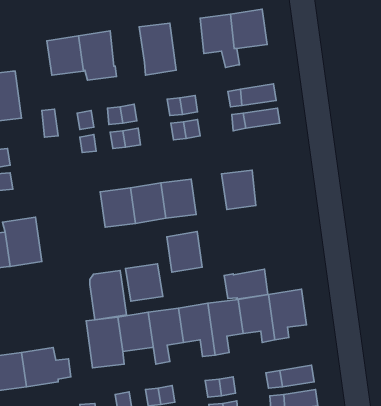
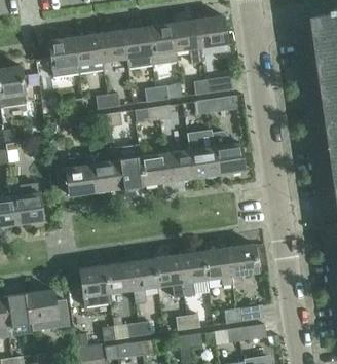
building: none -> [144,23,174,65]
building: none -> [96,30,123,62]
building: none -> [209,131,240,175]
building: [167,232,202,272] -> [161,149,190,182]
building: [126,264,163,301] -> none
building: [224,269,268,299] -> none
building: [90,270,127,320] -> [62,156,91,196]

